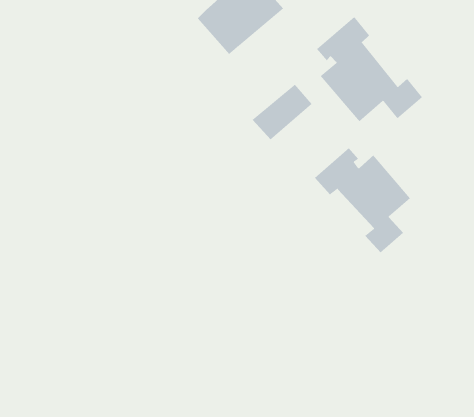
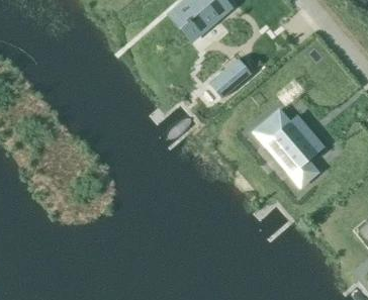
building: [316,16,423,122] -> none

